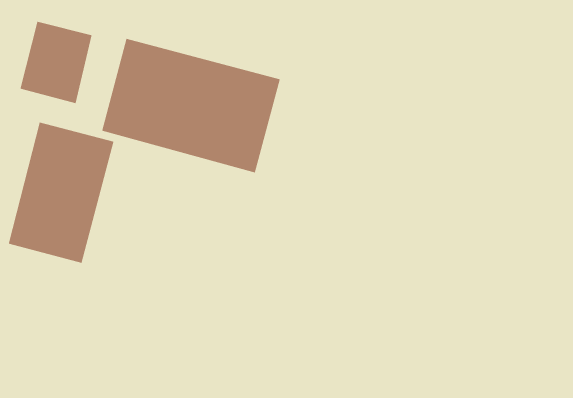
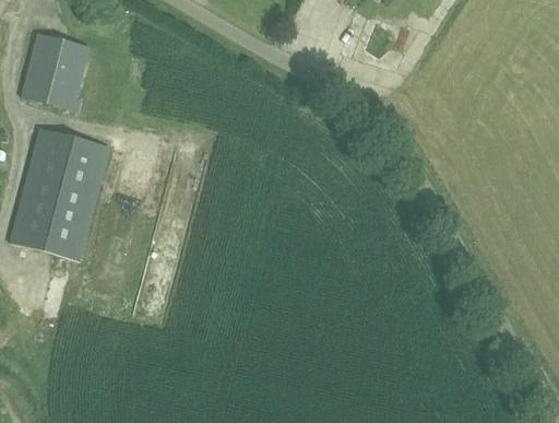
building: [101,38,281,173] -> none

